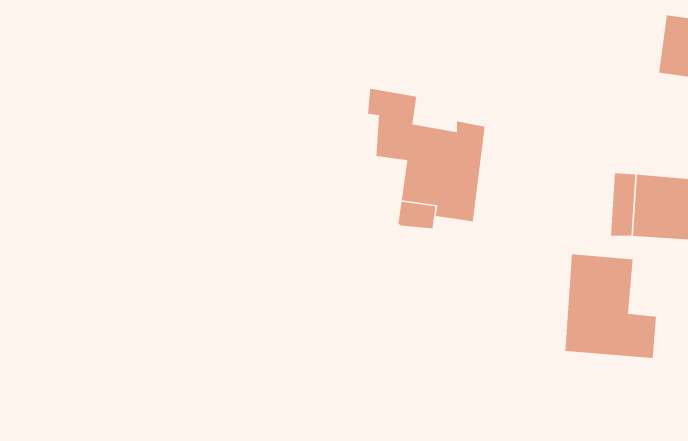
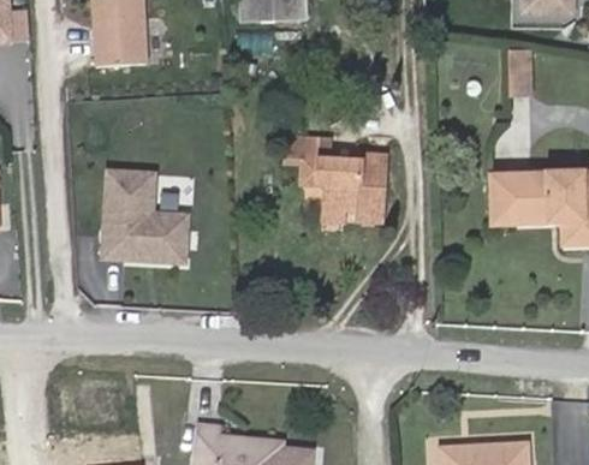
building: none -> [101,174,186,264]
building: [565,254,657,359] -> none

